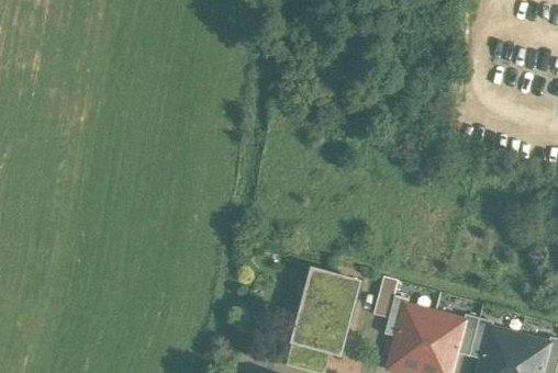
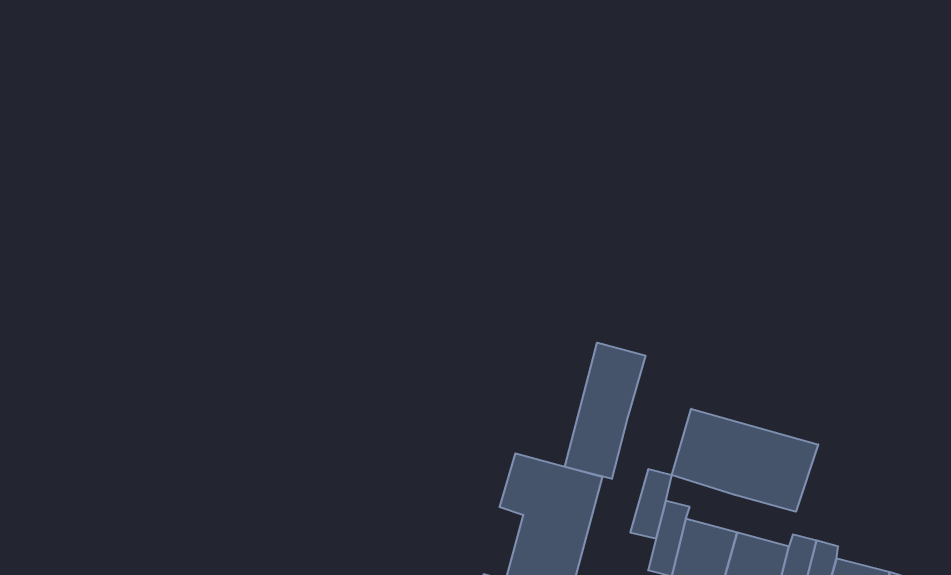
building: none -> [565,343,646,479]
building: none -> [672,409,818,512]

